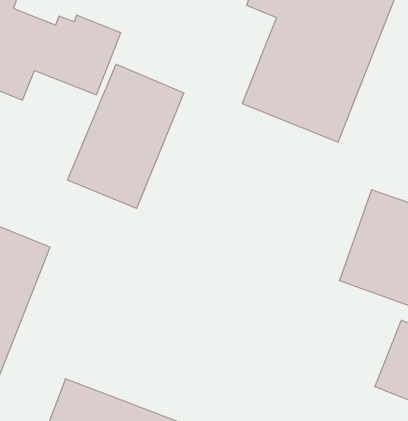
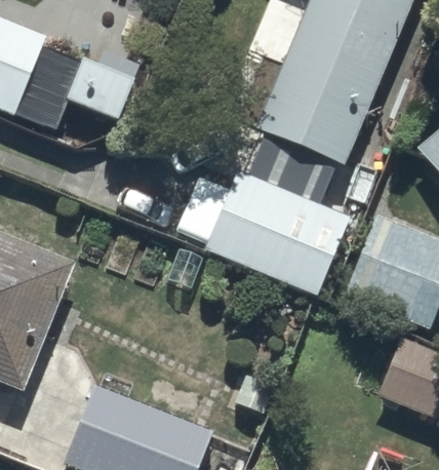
building: [68,64,184,208] -> none
building: none -> [203,167,349,293]

